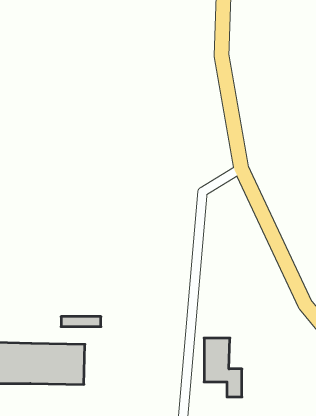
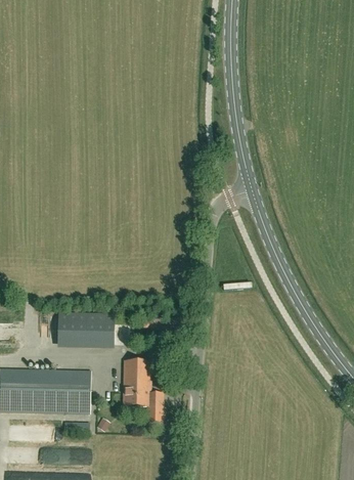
building: none -> [64,322,104,342]
building: [204,338,242,397] -> [124,360,163,421]

